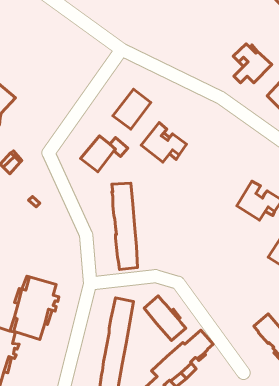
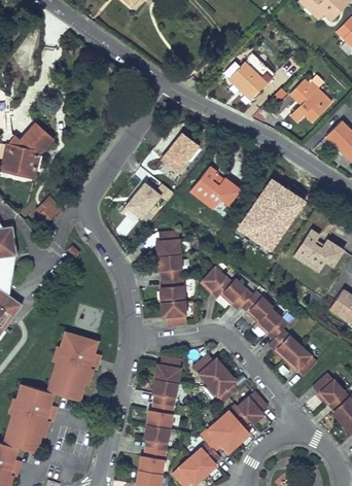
building: none -> [223,54,275,101]
building: none -> [234,173,307,251]
building: none -> [200,267,316,376]

